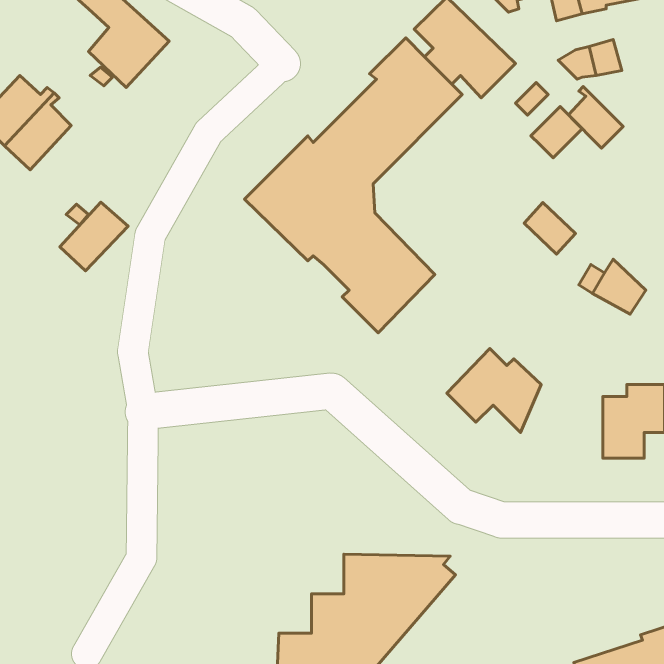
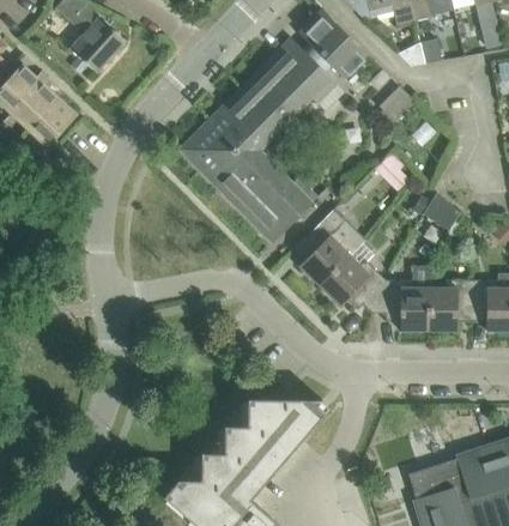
building: [568,87,623,148] -> none
building: [60,202,128,271] -> [29,98,77,146]
building: none -> [299,208,364,285]
building: none -> [371,279,429,331]

